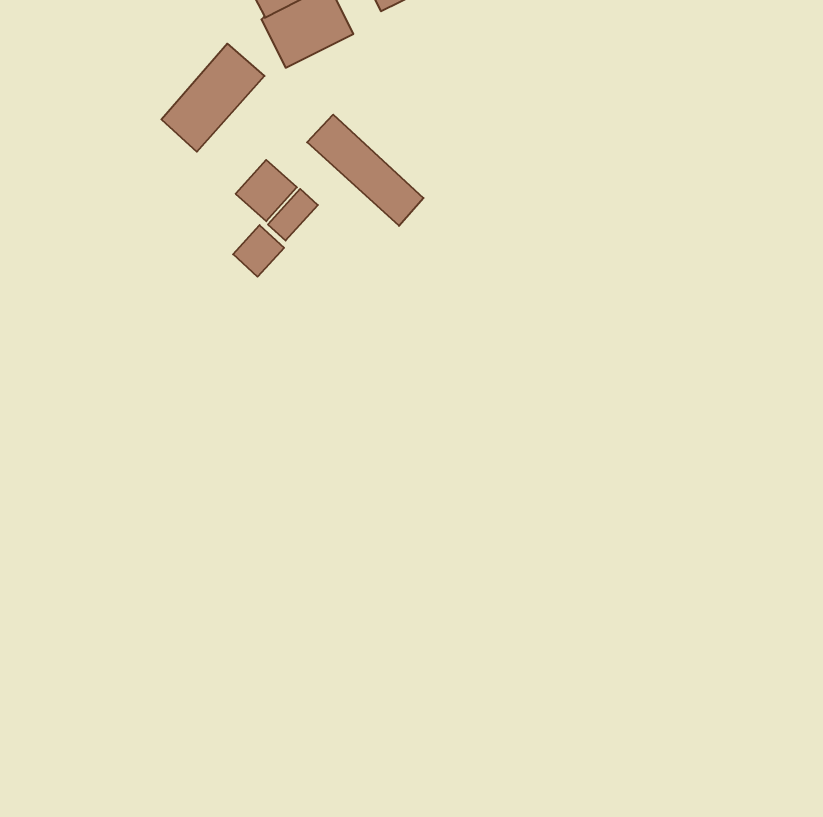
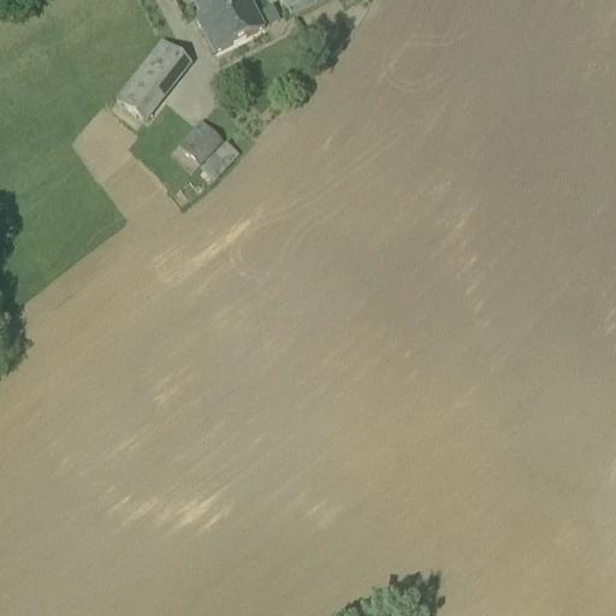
building: [307,115,424,226] -> none
building: [233,225,284,277] -> none

